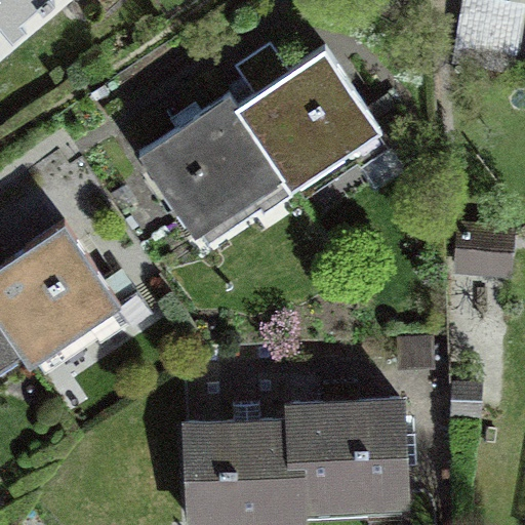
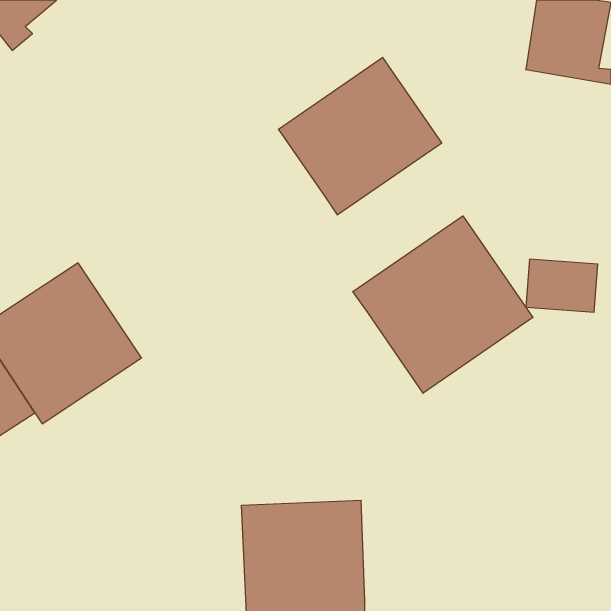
building: [136,95,278,232] -> none
building: none -> [353,216,533,393]
building: [308,415,412,515] -> none

